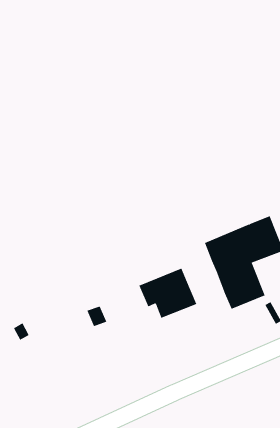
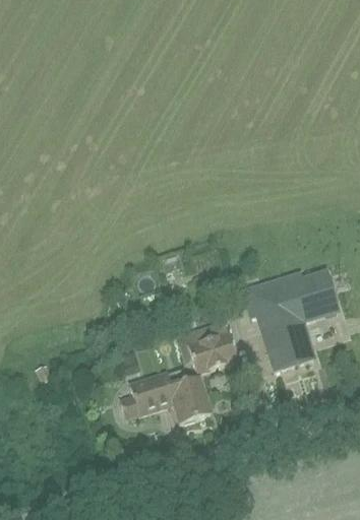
building: none -> [119,367,211,421]

